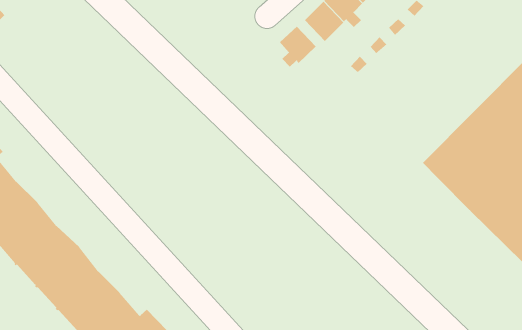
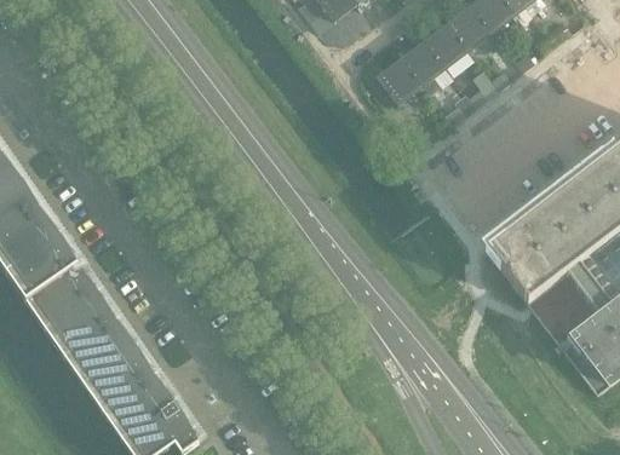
building: [279,26,317,67] -> none

